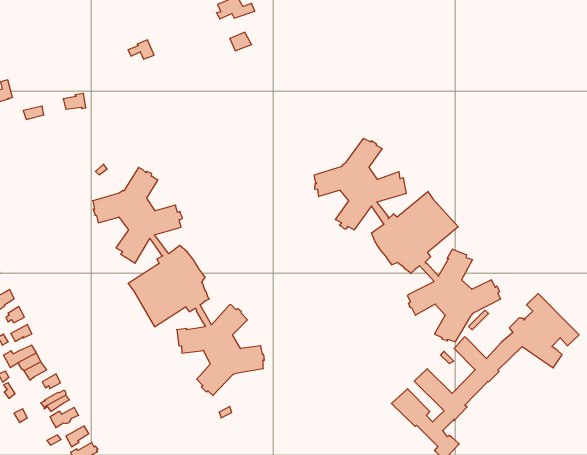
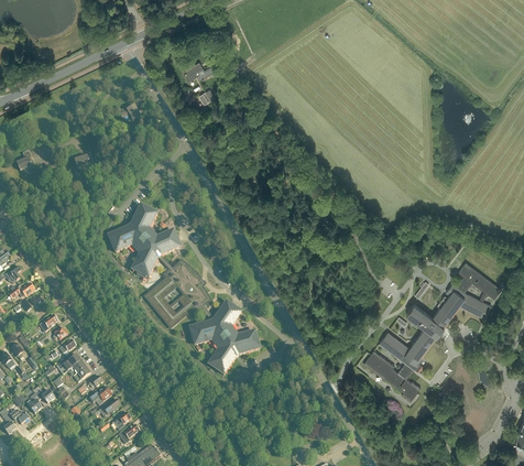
building: [314,138,500,342] -> none

